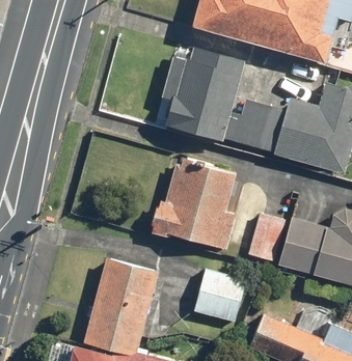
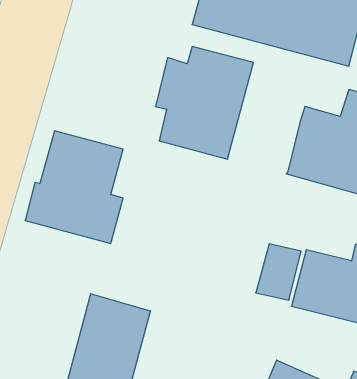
building: [235,101,285,152] -> none
building: [153,157,236,252] -> [25,131,123,244]
building: [194,269,246,322] -> none

